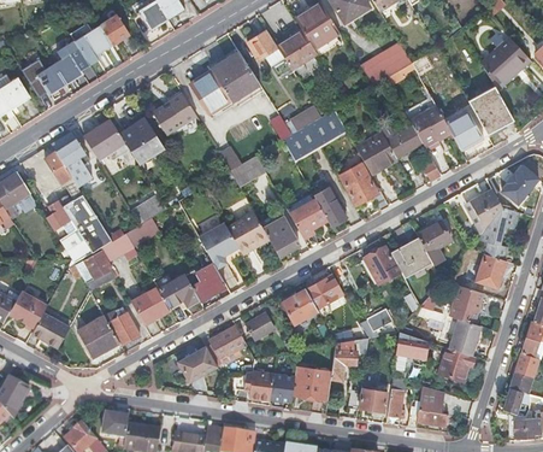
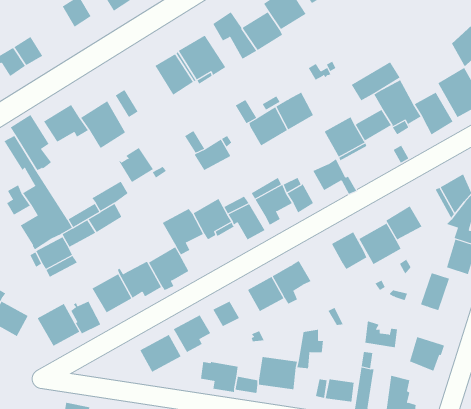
building: [76,25,113,55] -> none
building: [364,47,412,86] -> [351,61,400,101]
building: [163,93,197,128] -> [118,147,154,183]
building: [448,318,480,354] -> none

